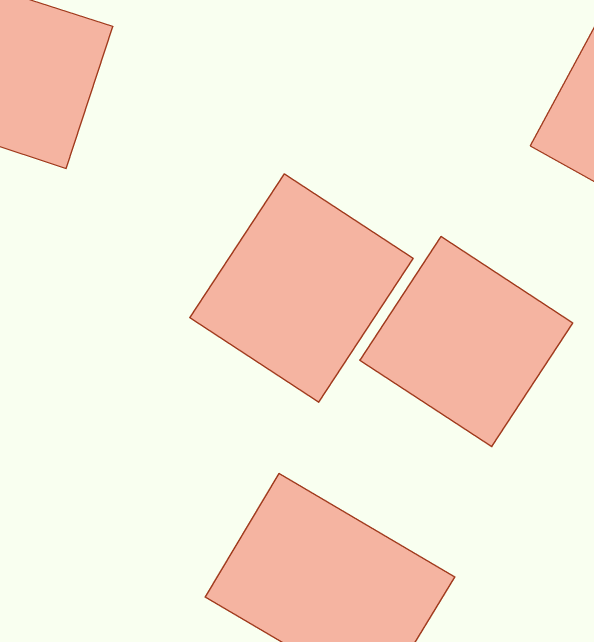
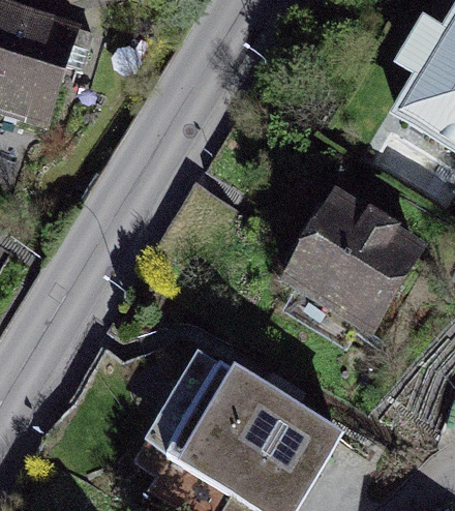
building: [190,174,413,402] -> none

